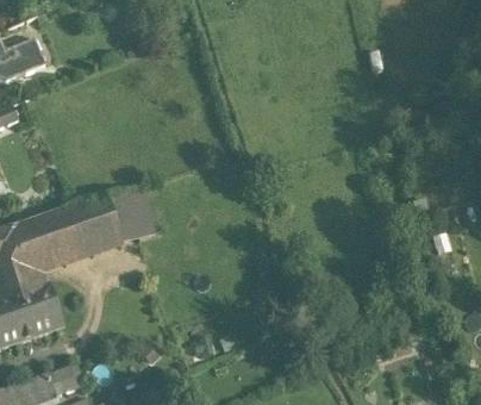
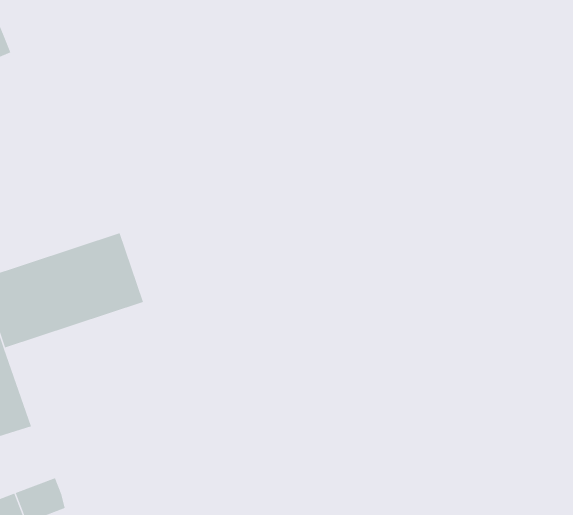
building: [120,183,158,238] -> none

